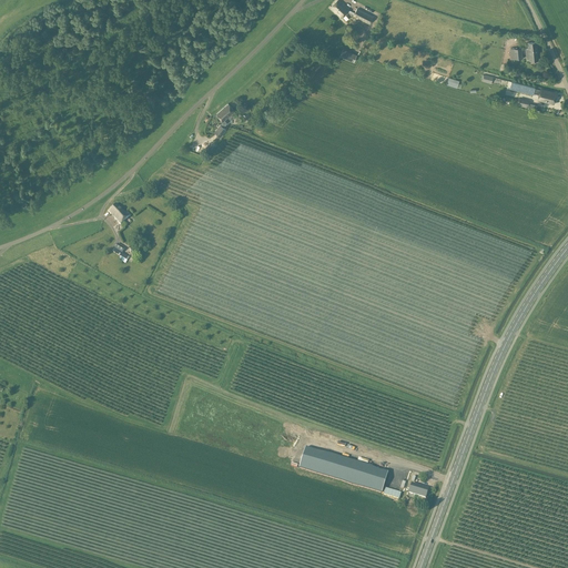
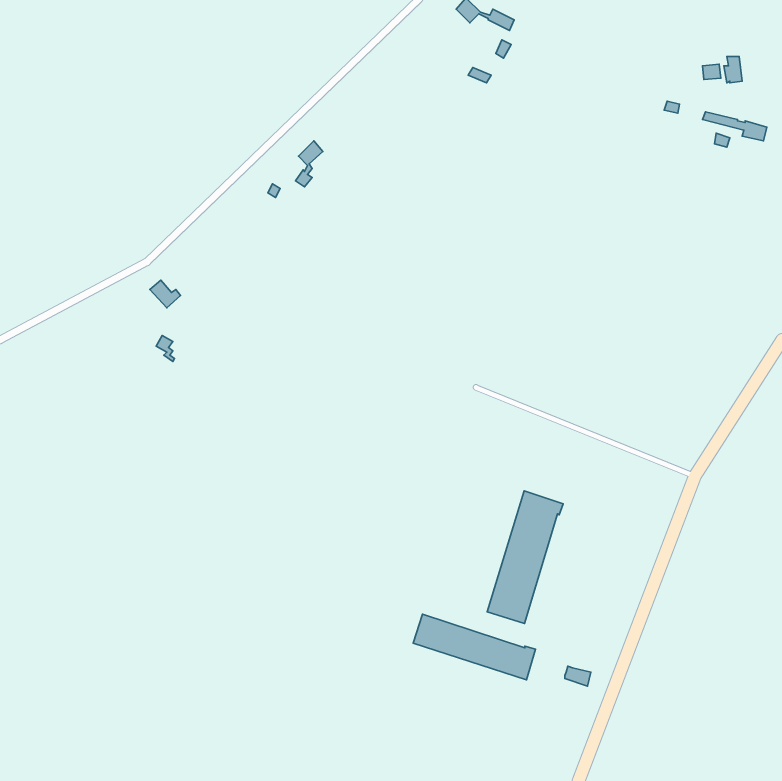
building: none -> [487,491,563,623]

